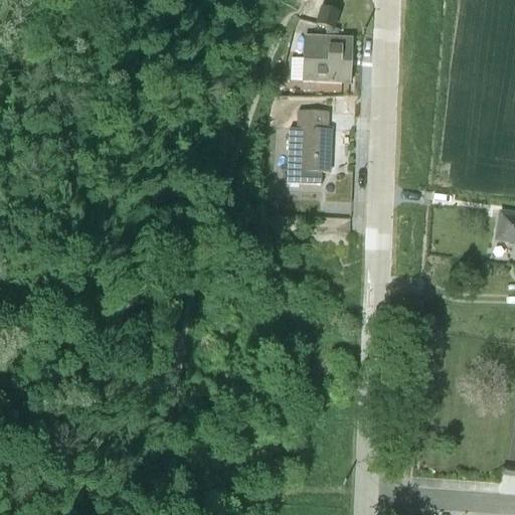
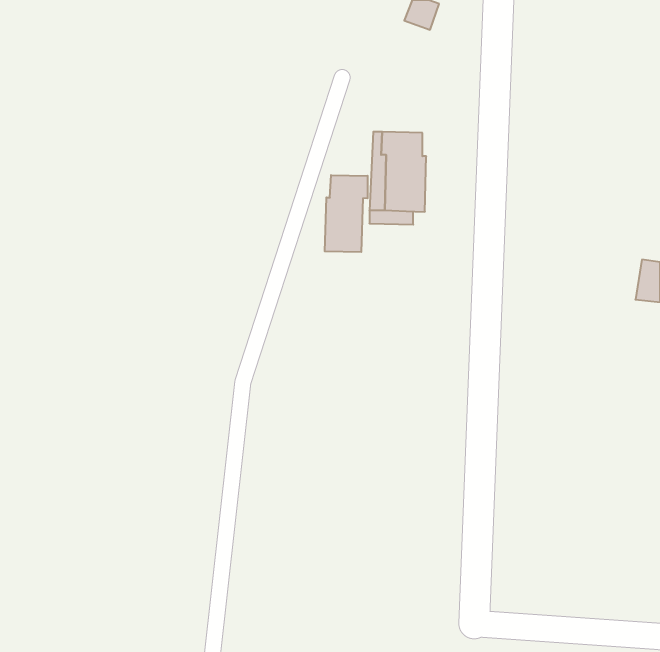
building: [303,32,354,82] -> none
building: none -> [325,175,368,252]

